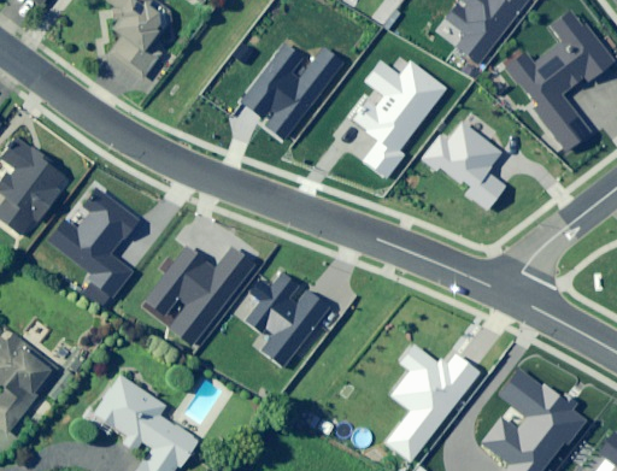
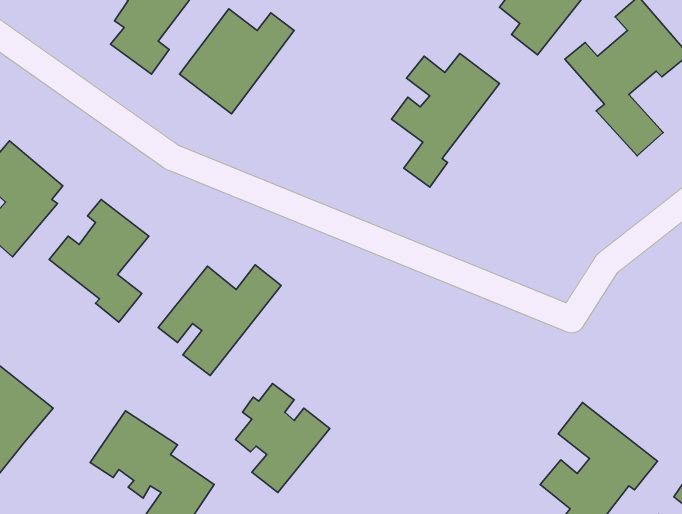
building: [243,45,345,137] -> [180,9,294,114]
building: [423,122,506,210] -> none
building: [247,271,330,367] -> [236,384,330,493]
building: [386,345,478,460] -> none

